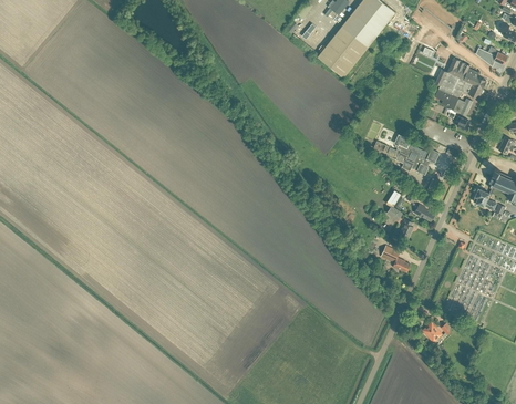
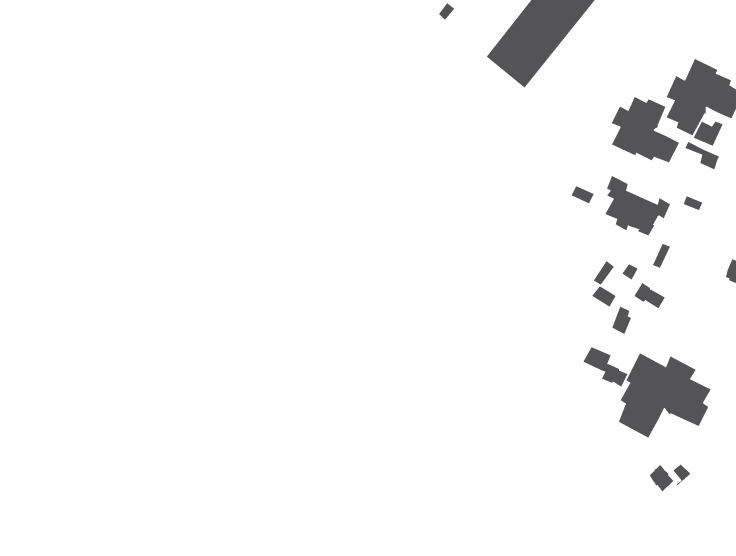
building: none -> [611,96,680,163]
building: none -> [618,352,711,438]

